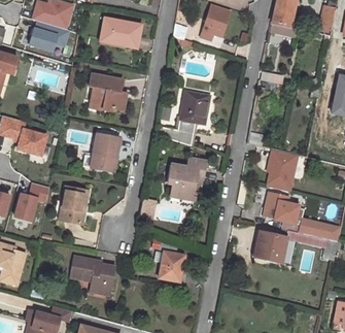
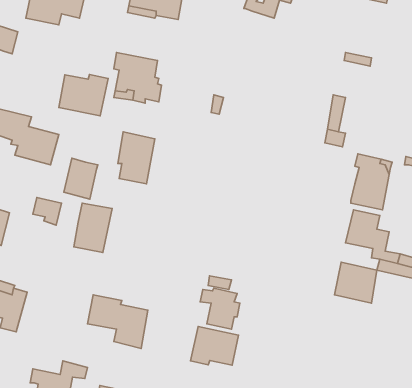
building: none -> [59,75,108,116]
building: [154,92,210,144] -> none
building: [168,158,206,201] -> none
building: [11,192,37,223] -> [64,158,98,199]
building: none -> [190,326,238,365]

